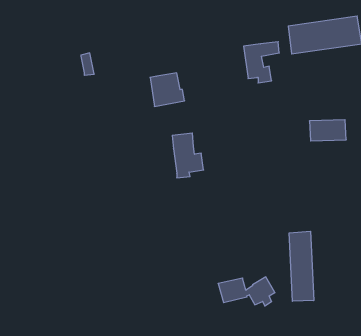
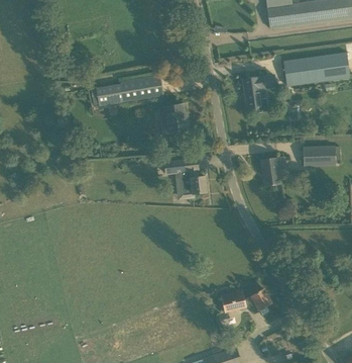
building: none -> [120,75,163,101]
building: none -> [260,156,286,186]
building: [289,231,314,301] -> none

